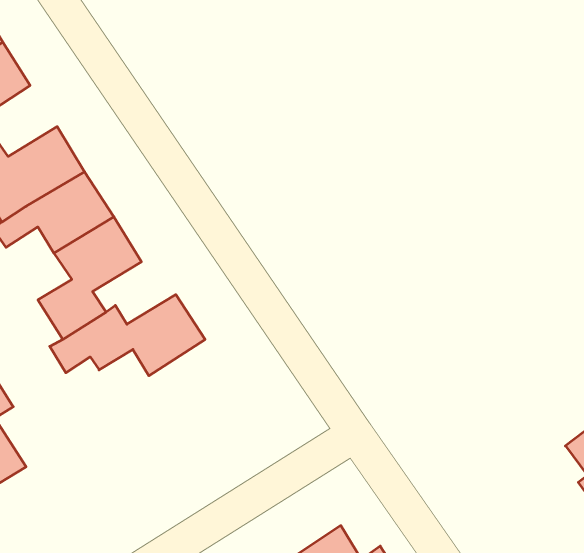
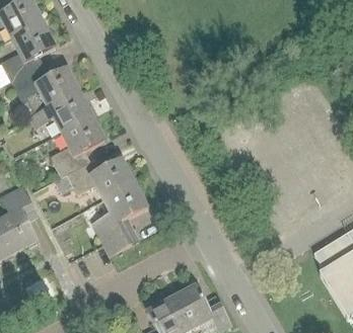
building: none -> [93,183,147,256]

